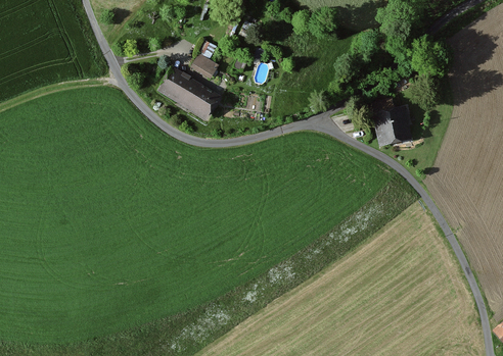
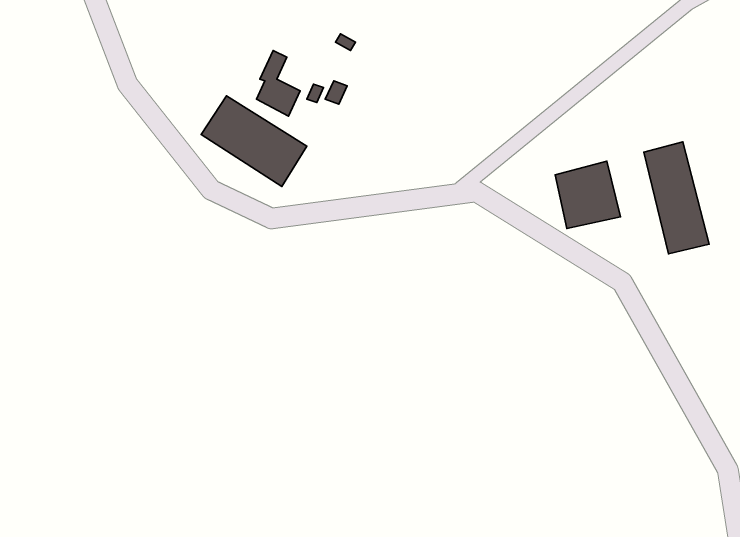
building: none -> [644,142,709,254]

